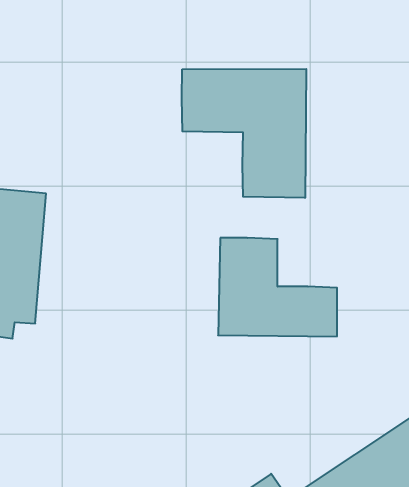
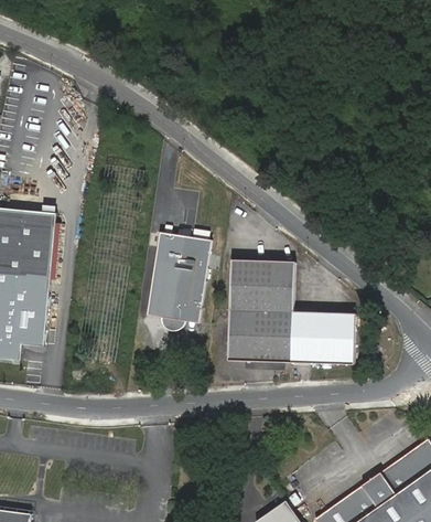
building: [182,69,306,198] -> none
building: none -> [147,231,213,333]

